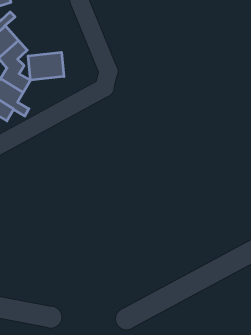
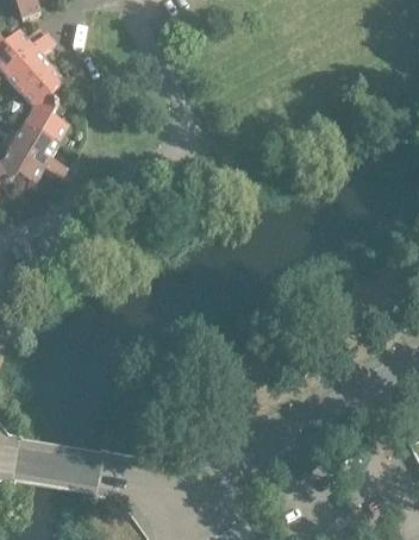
building: [28,52,64,80] -> none

